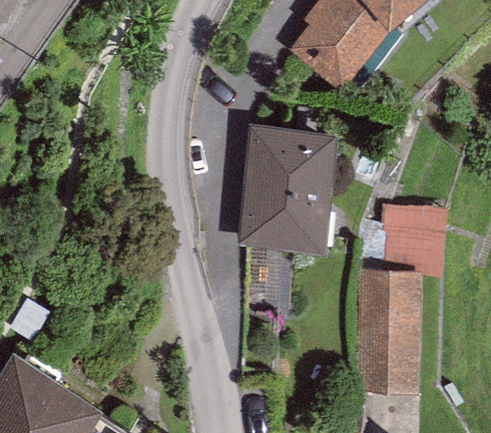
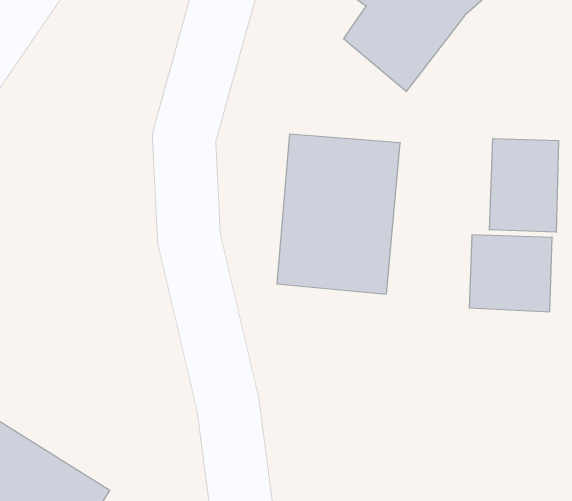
building: none -> [490,138,558,232]
building: [360,272,416,385] -> none

